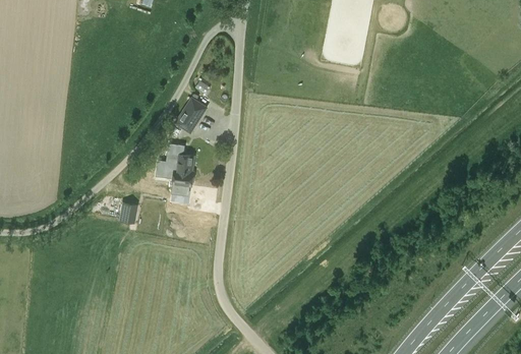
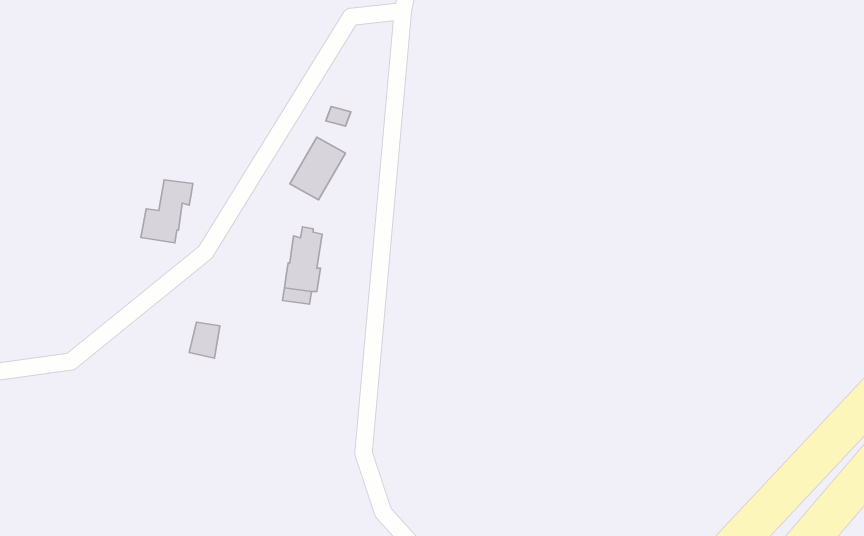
building: [154,140,183,176] -> [141,180,193,243]

